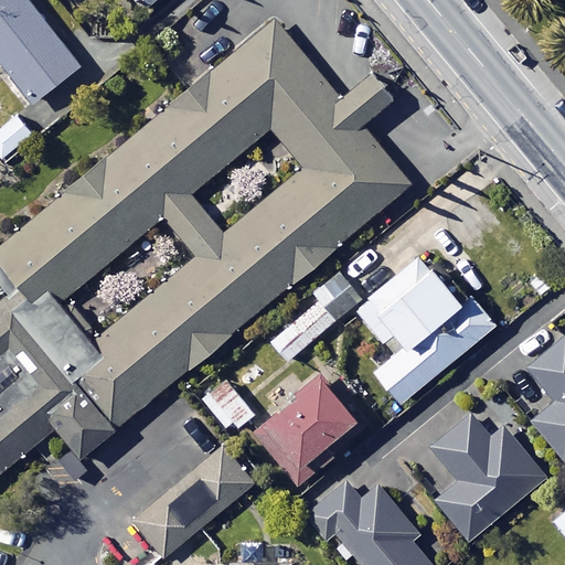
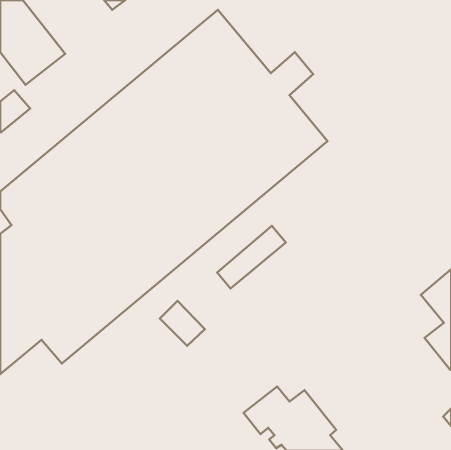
building: [356,257,495,406] -> none
building: [256,379,367,487] -> none
building: [431,418,544,541] -> none
building: [135,449,250,558] -> none

